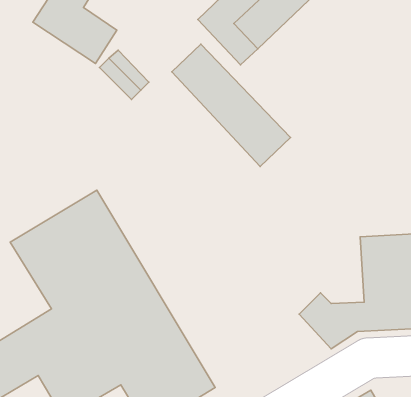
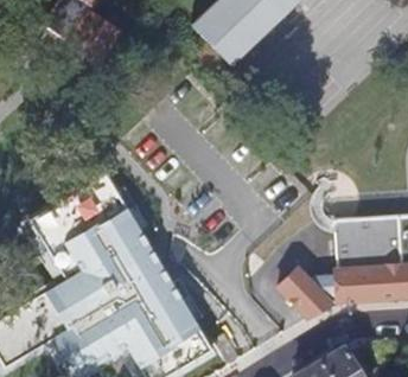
building: [172,44,291,166] -> none

